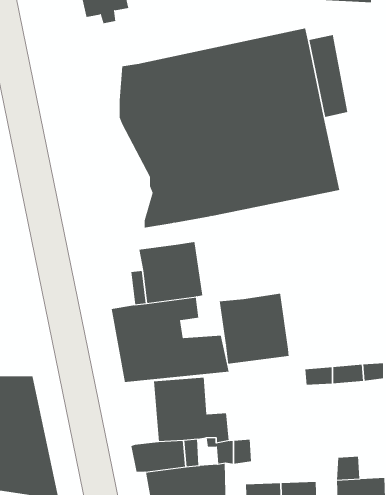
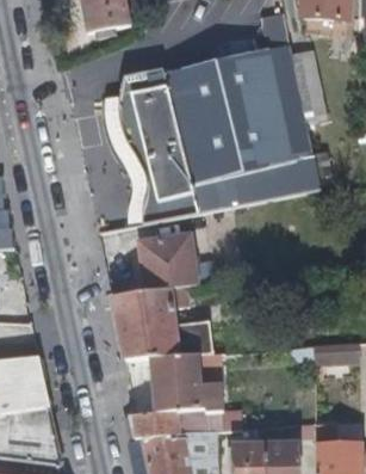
building: [219,293,289,364] -> none

